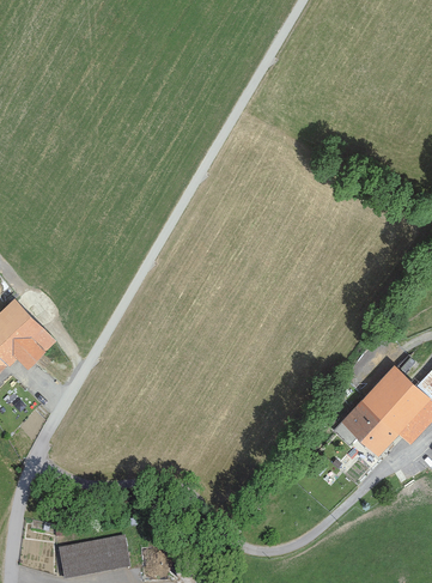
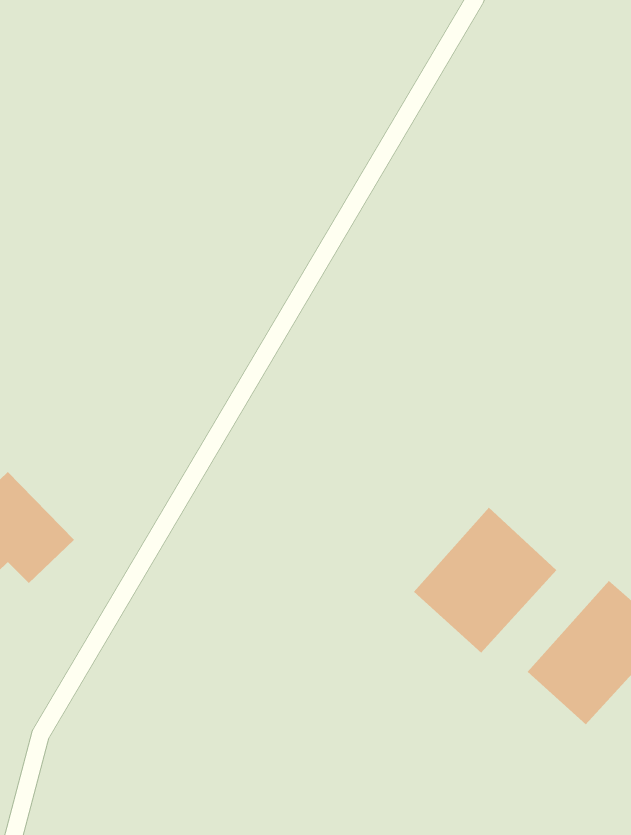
building: none -> [413,507,557,653]

